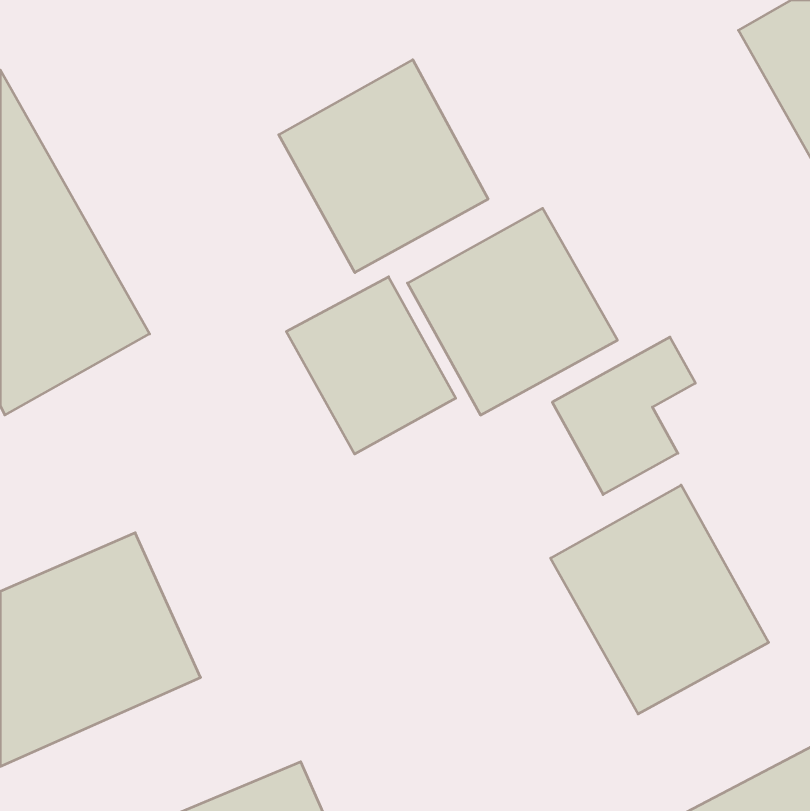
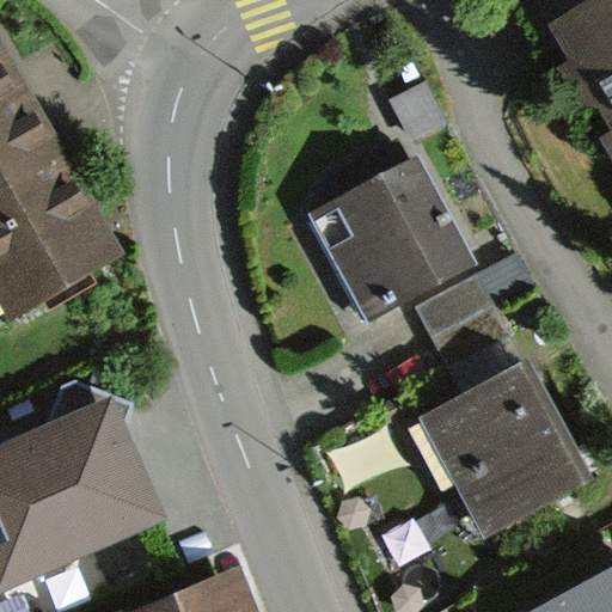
building: [279,60,488,273] -> none
building: [286,277,456,454] -> none

